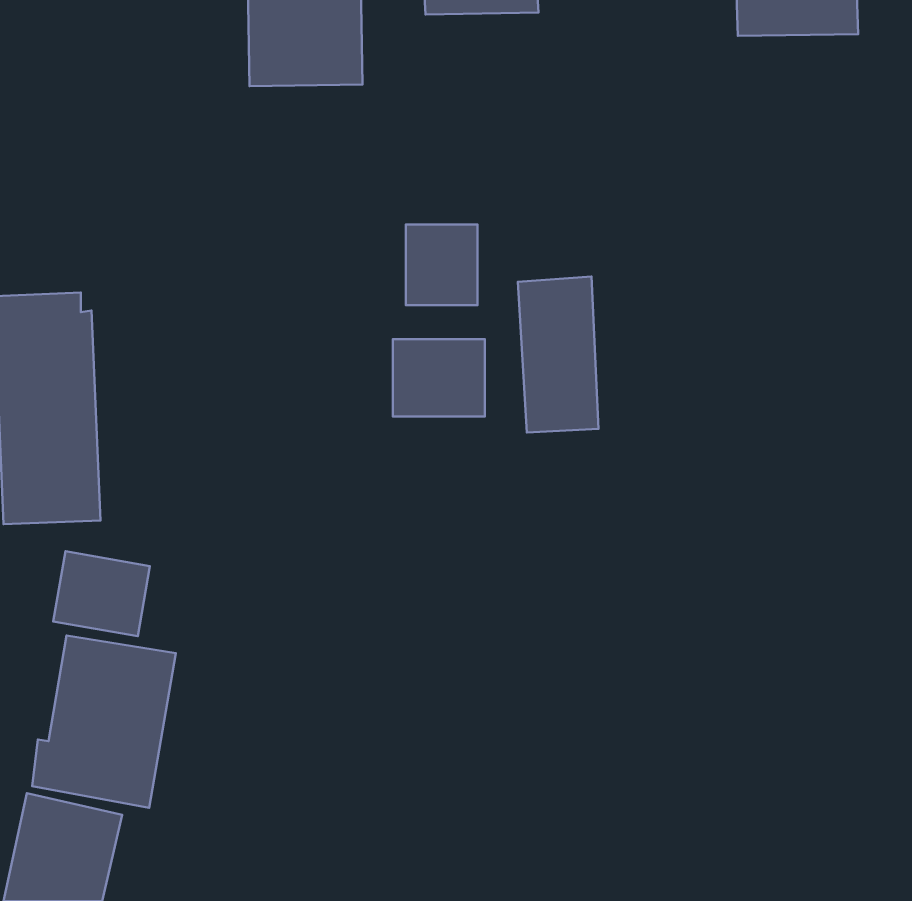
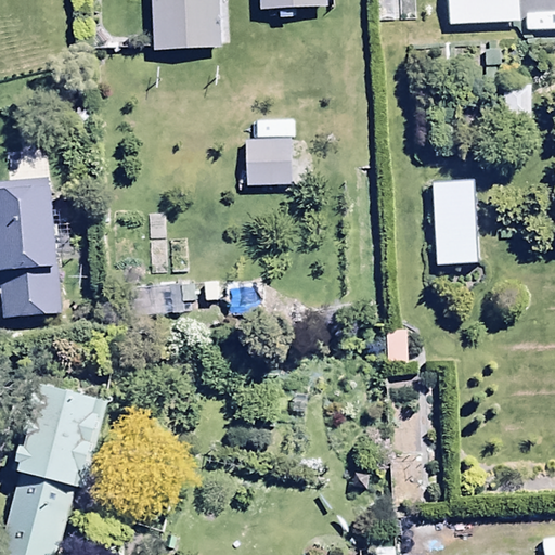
building: [518,276,599,433] -> [431,173,480,268]
building: [393,339,485,416] -> none
building: [53,551,150,636] -> none

